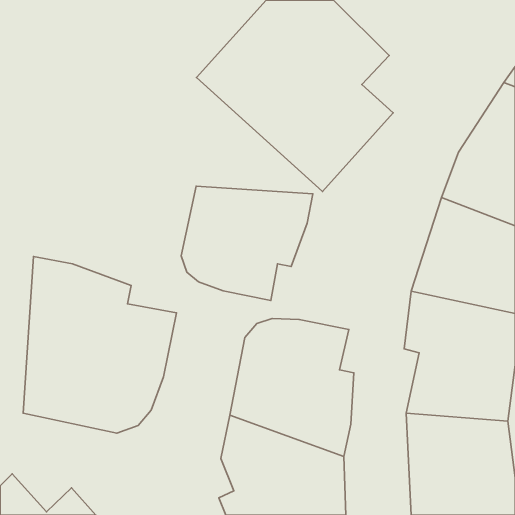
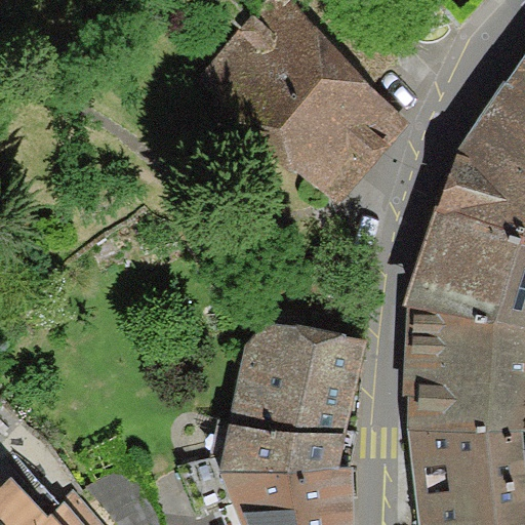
building: [181,186,313,301] -> none
building: [23,256,177,433] -> none

